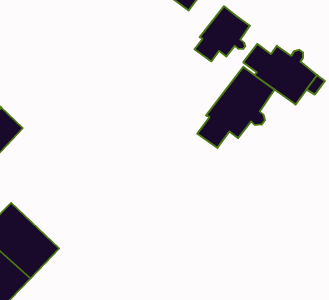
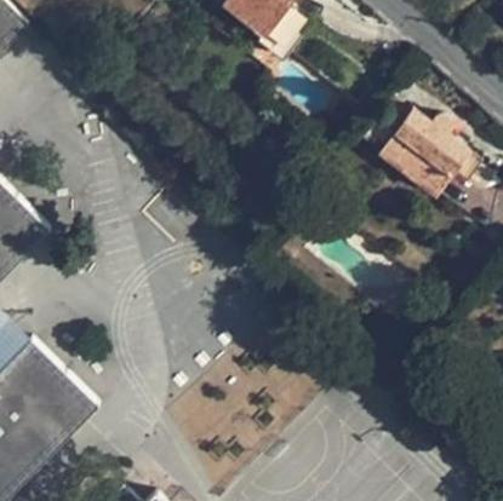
building: [195,6,250,61] -> none
building: [197,67,275,148] -> none

